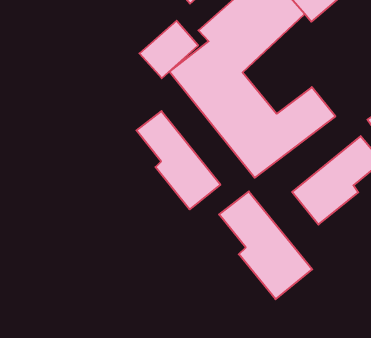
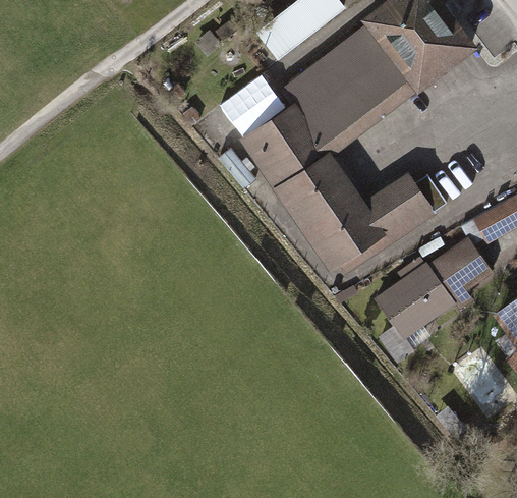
building: [136,111,220,209] -> none
building: [219,191,312,299] -> none

